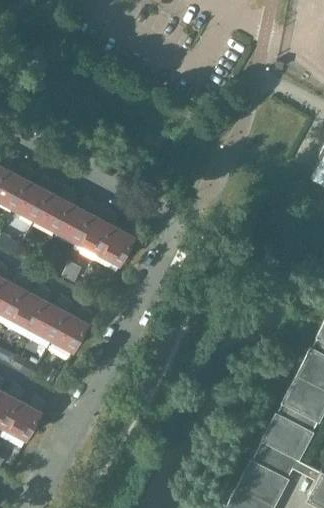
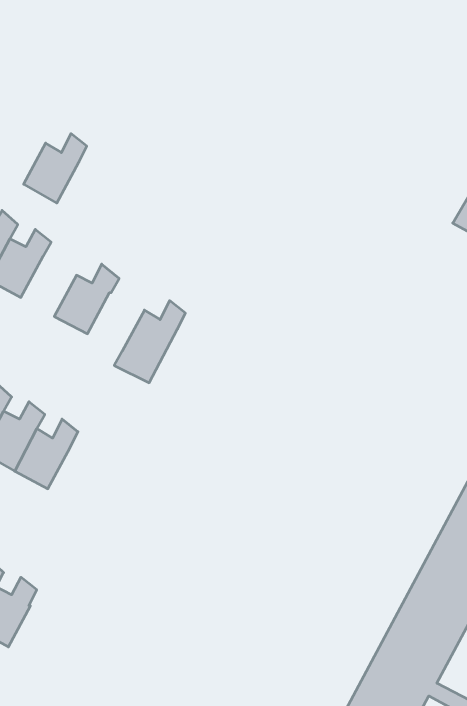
building: [35,189,75,233] -> [24,134,87,203]
building: [77,212,118,255] -> none
building: [52,310,93,353] -> none

